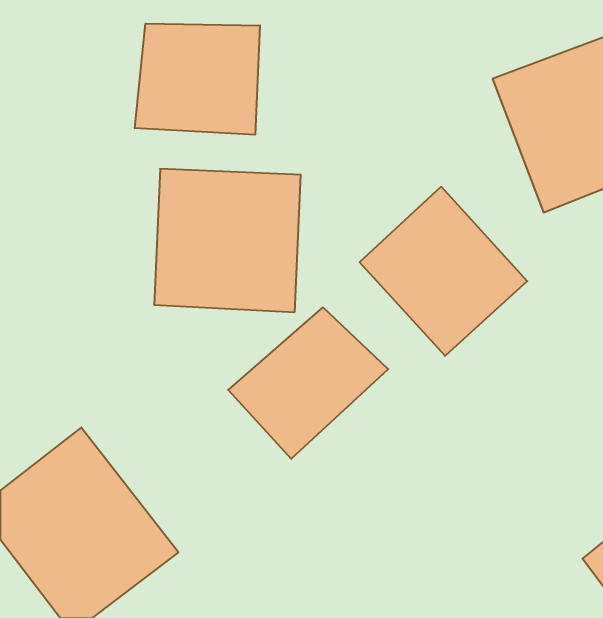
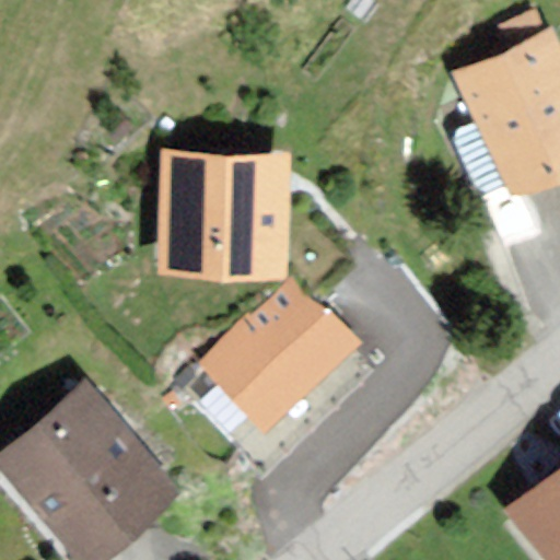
building: [135,24,260,135] -> none
building: [360,187,527,356] -> none

